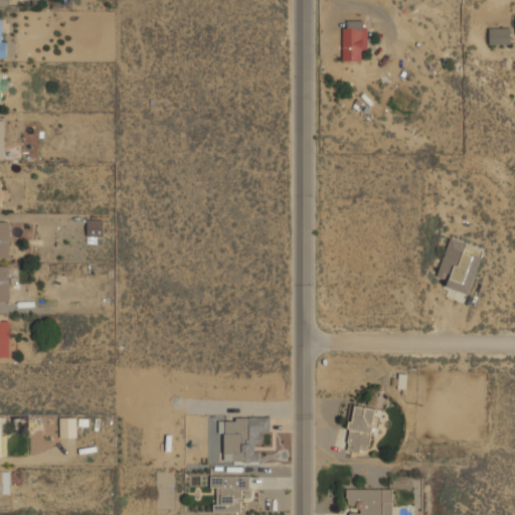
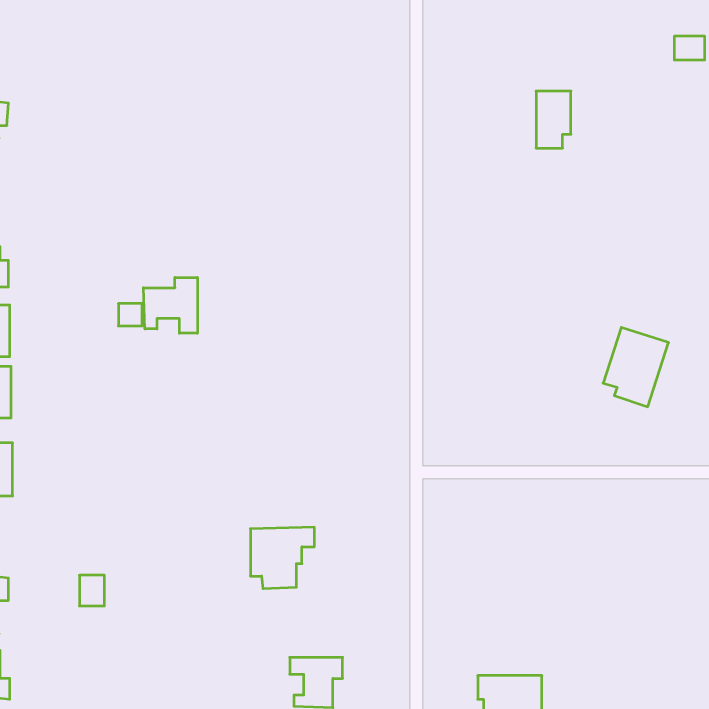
building: [341,21,366,62] -> [536,91,571,148]
building: none -> [143,277,197,333]
building: [346,407,373,453] -> none
building: [222,419,269,464] -> [250,527,314,589]

